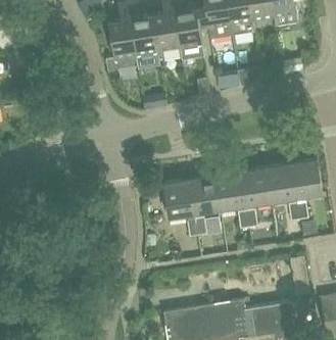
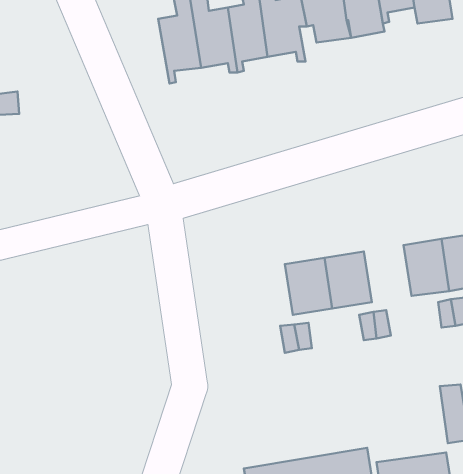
building: [241,168,272,205] -> none
building: [163,181,195,217] -> none

